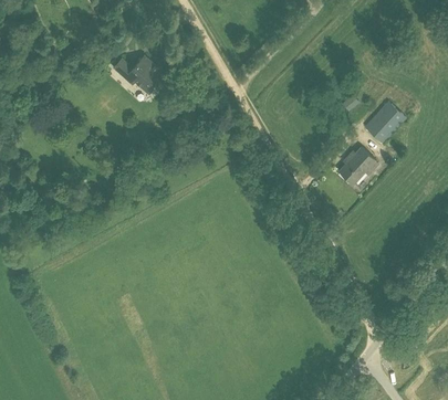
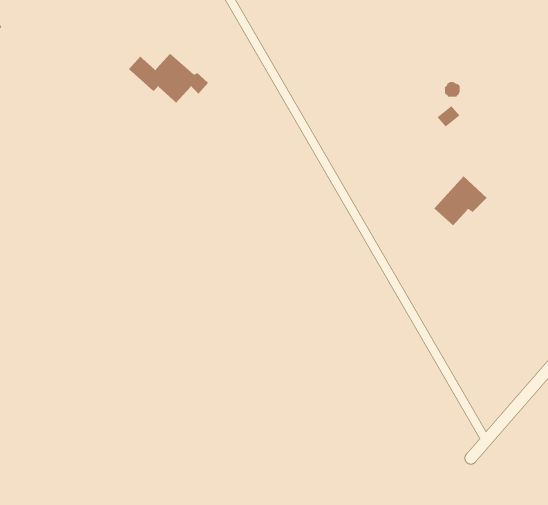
building: [363,99,406,143] -> none

